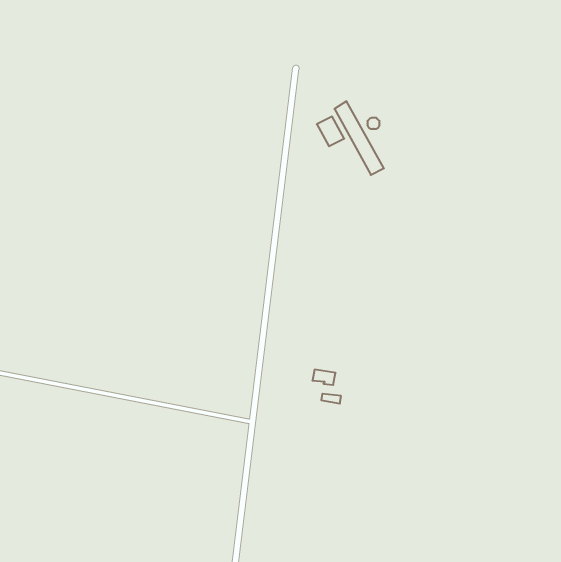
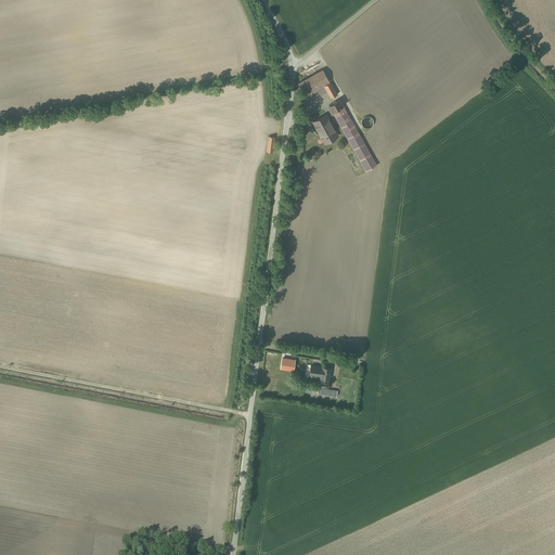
building: none -> [299,70,337,100]

